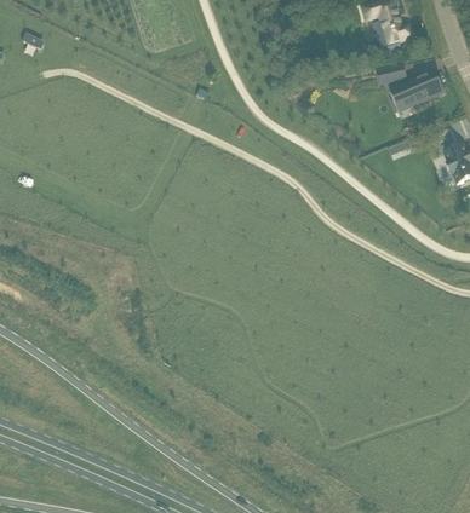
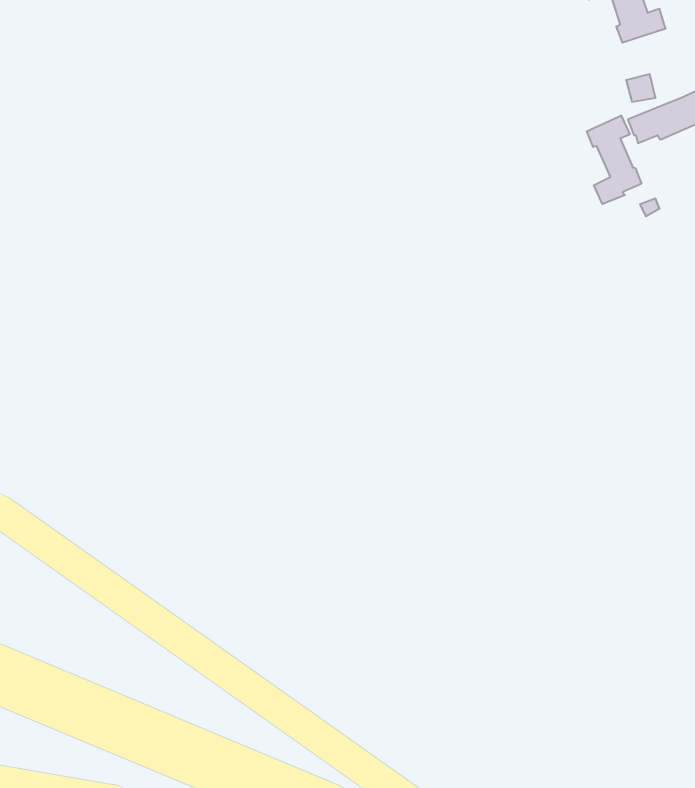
building: none -> [587,115,641,204]

